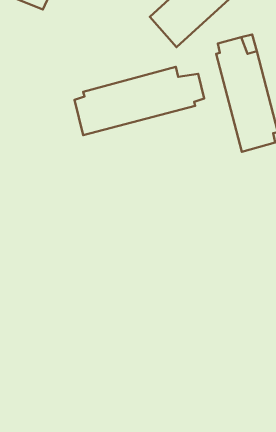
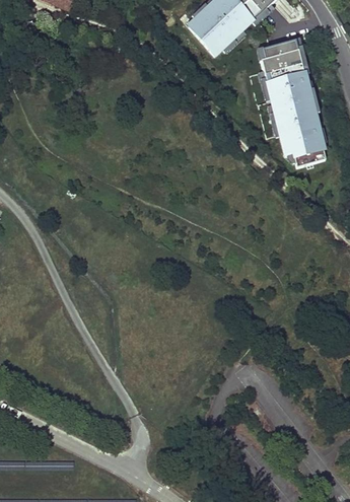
building: [74,67,204,135] -> none

